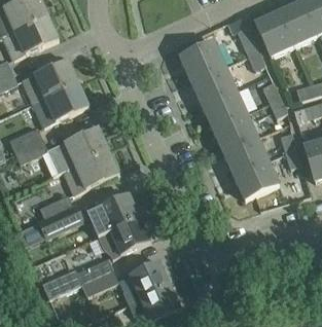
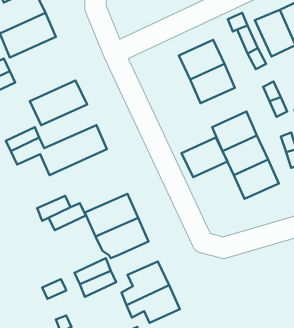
building: [22,58,77,102] -> none
building: [201,88,246,128] -> [182,138,227,177]
building: [63,149,118,193] -> none

